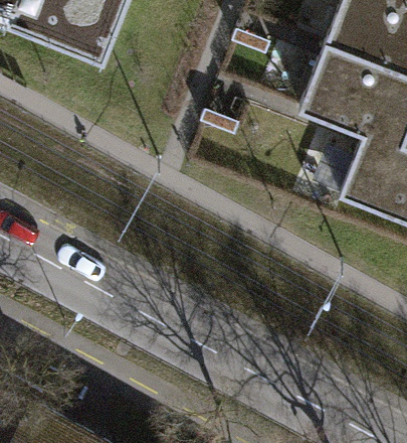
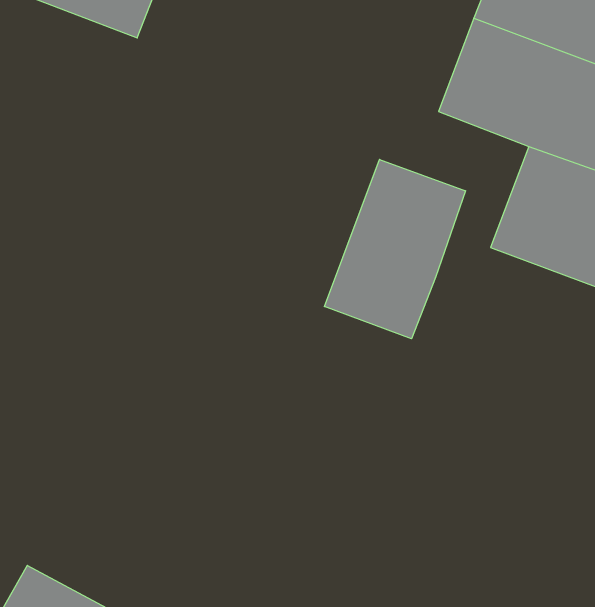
building: none -> [324,159,466,339]

